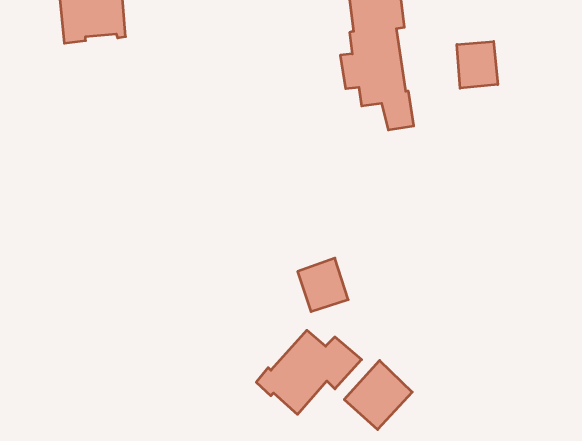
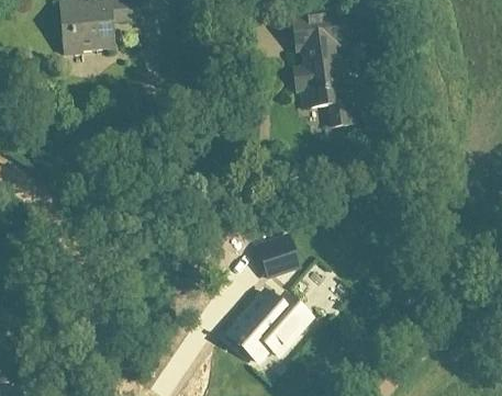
building: [457,41,498,88] -> none
building: [344,360,412,430] -> none

